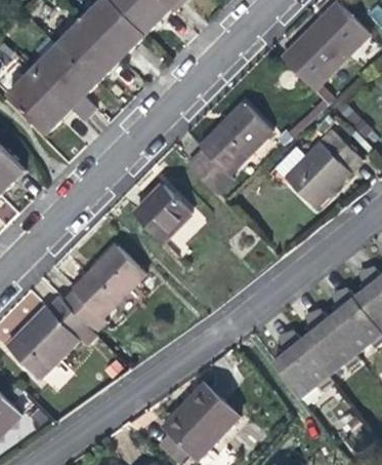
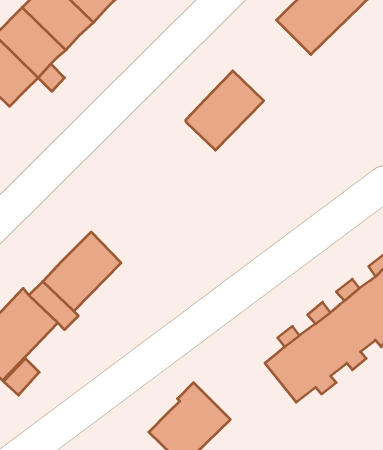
building: [285,128,362,205] -> none
building: [185,149,231,194] -> none
building: [134,185,192,241] -> none

